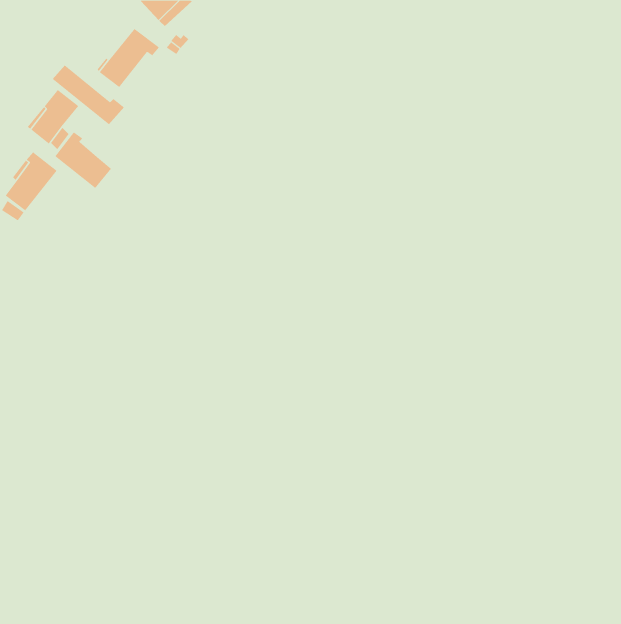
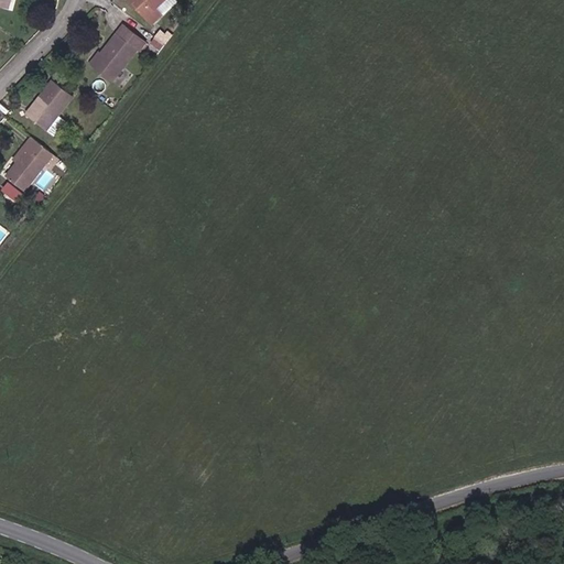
building: [52,64,125,125] -> none
building: [54,131,112,189] -> none

